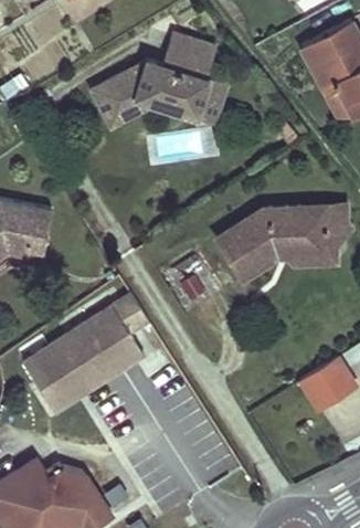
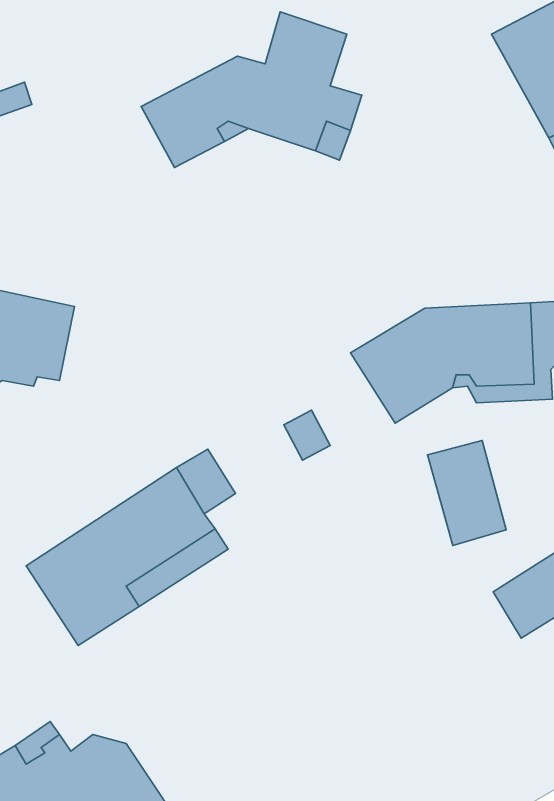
building: none -> [427,441,506,546]

